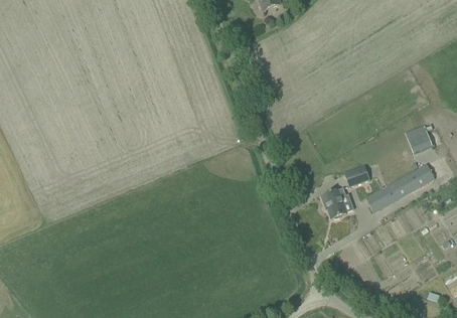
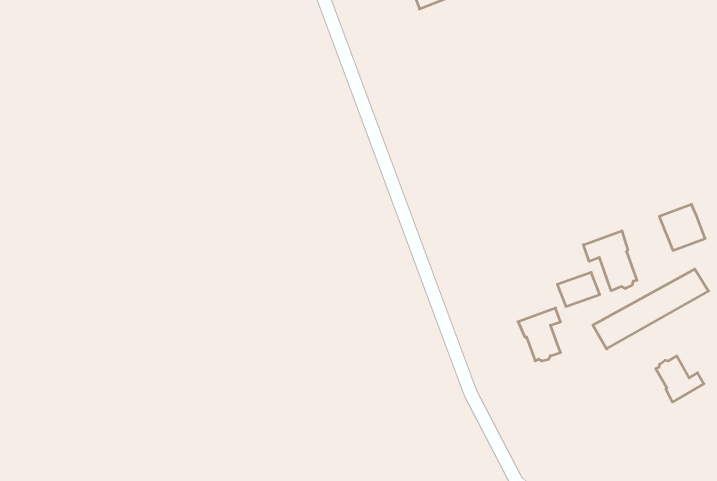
building: none -> [583,231,637,291]
building: none -> [656,356,704,402]

